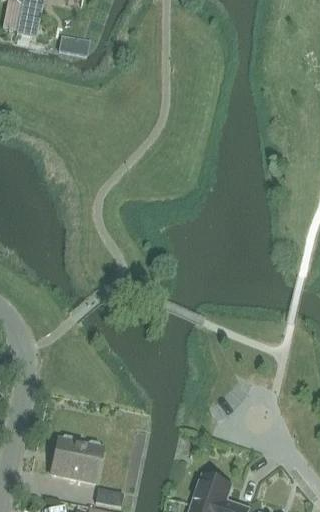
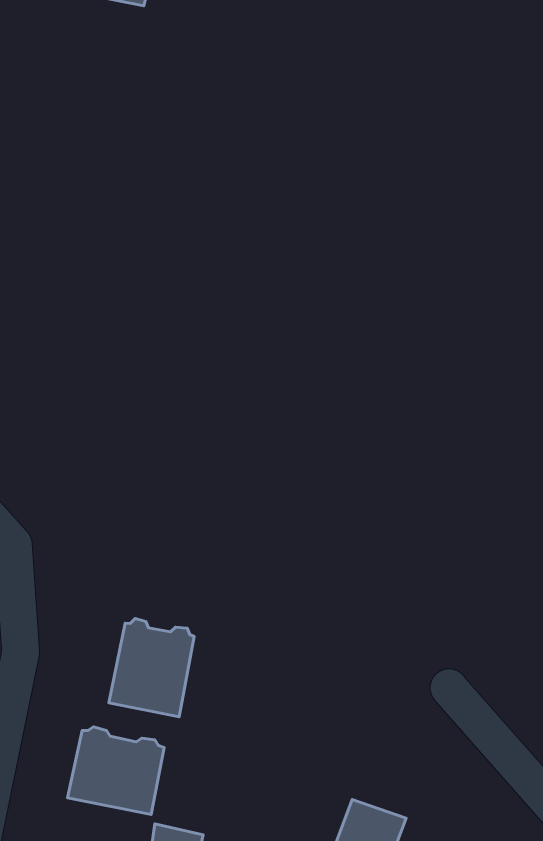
building: none -> [109,619,194,717]

